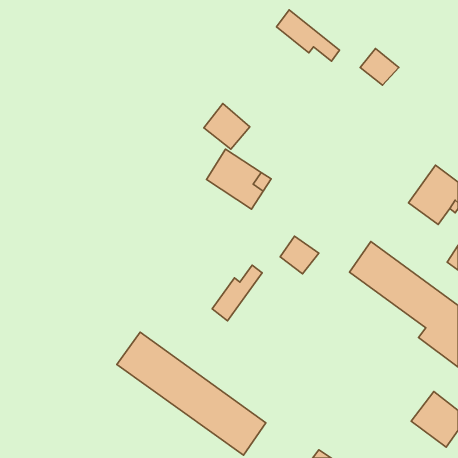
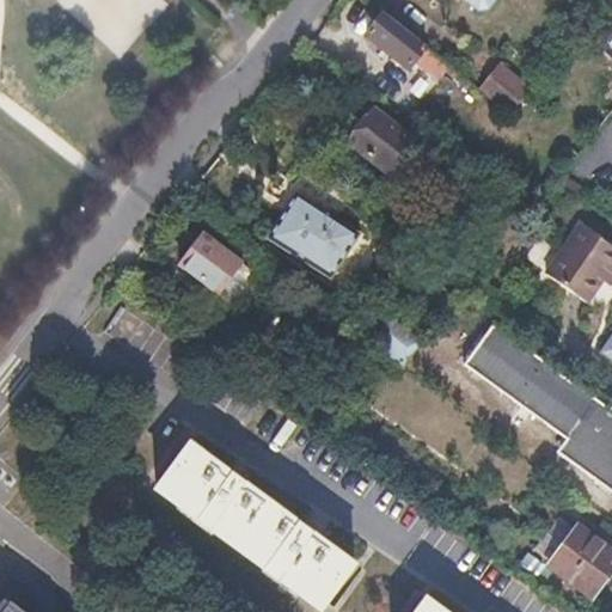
building: [204,103,250,149] -> [351,110,412,171]
building: none -> [179,232,241,290]
building: [212,265,262,321] -> none

